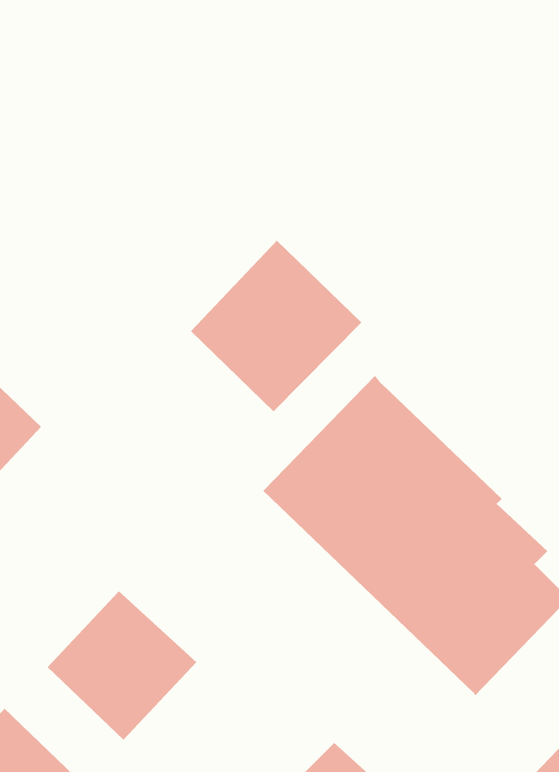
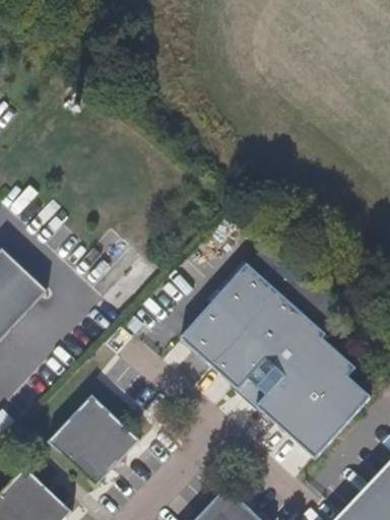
building: [190,240,362,412] -> none

